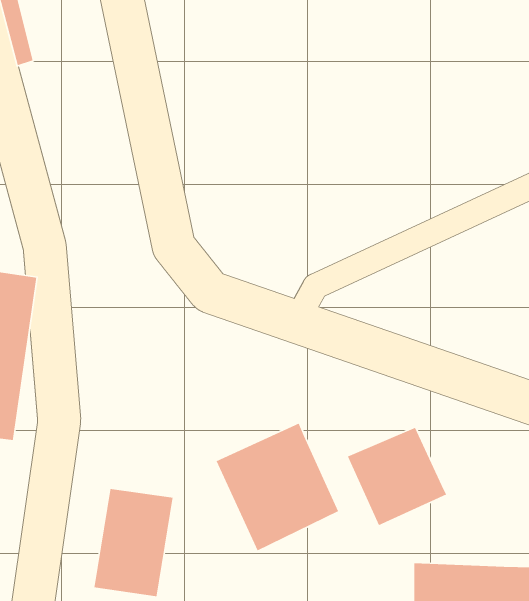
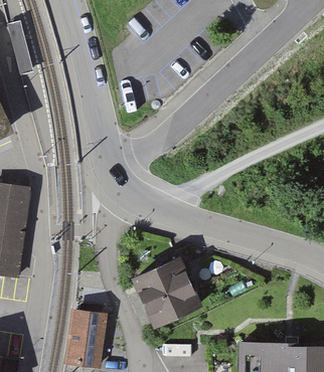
building: [347,427,447,526] -> none

